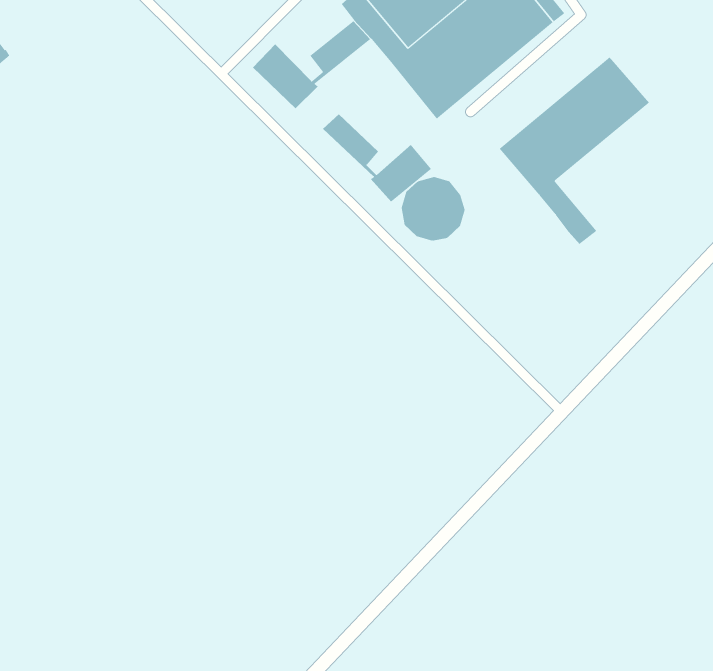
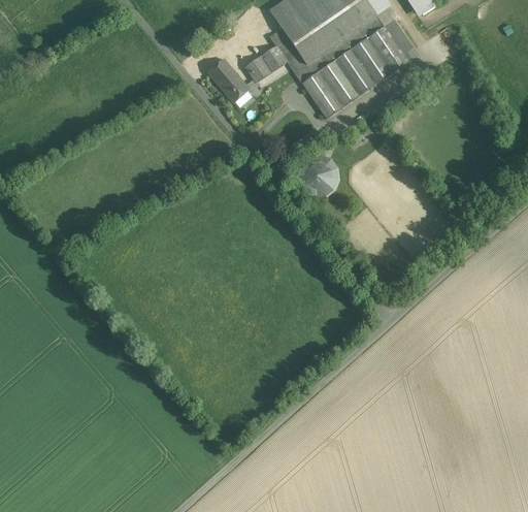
building: [499,56,650,245] -> none
building: [322,113,432,203] -> none

